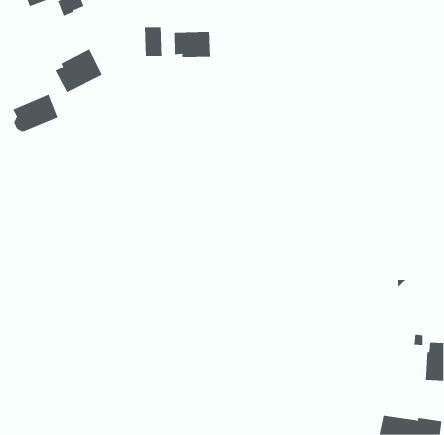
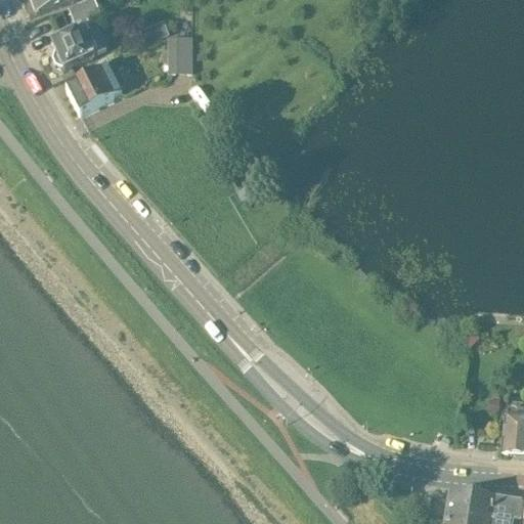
building: [174,31,211,58] -> none
building: [13,94,59,132] -> [50,19,104,64]

